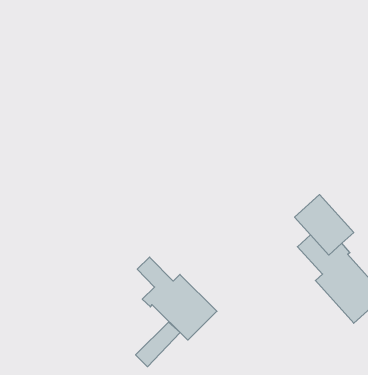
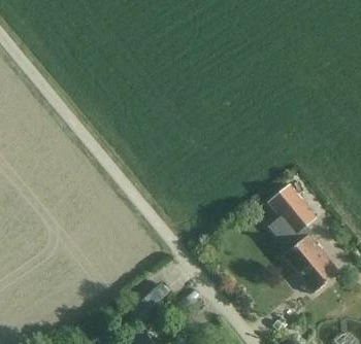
building: [137,257,217,340] -> none

